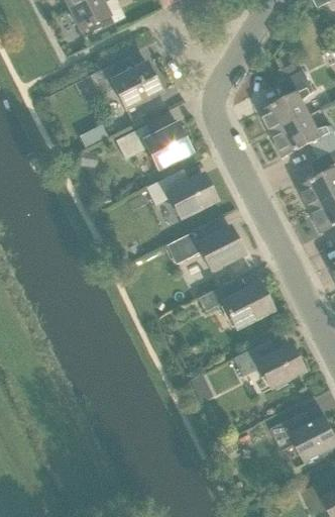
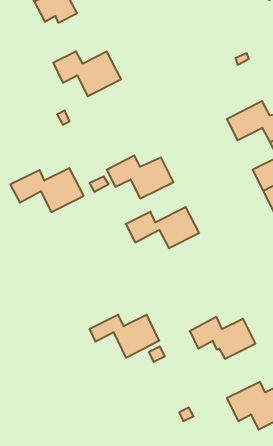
building: [260,70,314,133] -> none
building: [113,122,191,169] -> [10,168,84,212]
building: [197,282,270,327] -> [90,315,159,358]

